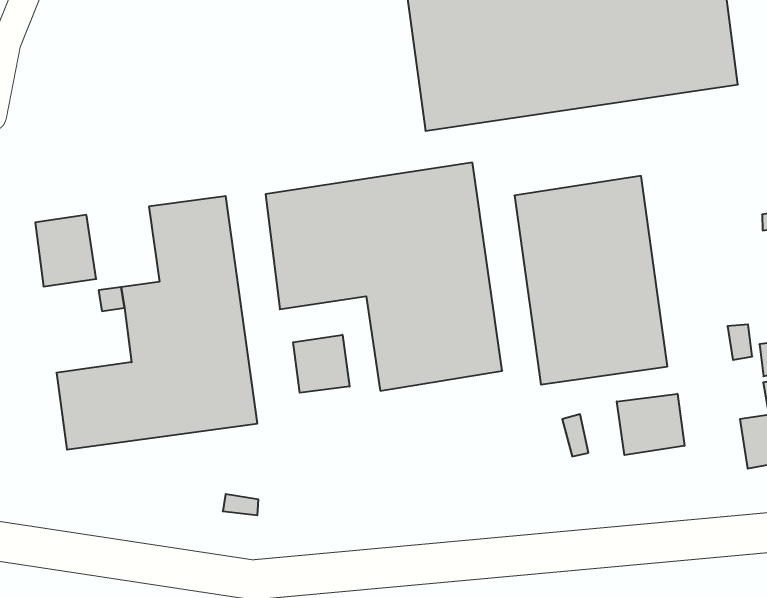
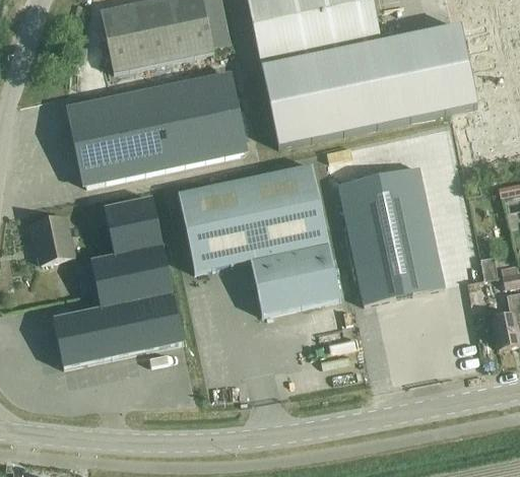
building: none -> [69,71,246,184]
building: [293,335,350,393] -> none
building: [617,394,684,455] -> none

